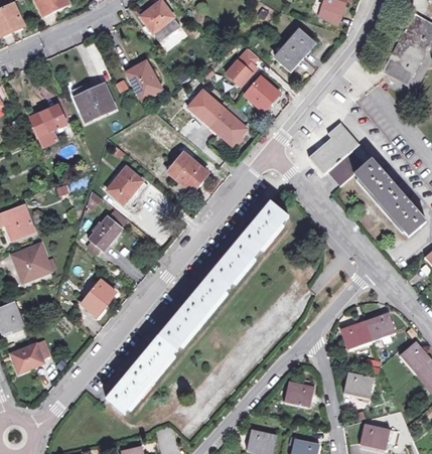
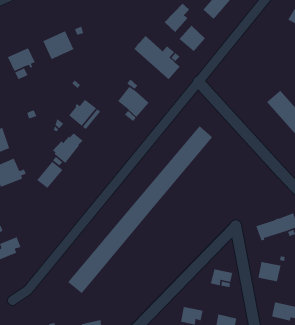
building: [126,61,161,100] -> none
building: [310,123,364,185] -> none
building: [82,280,116,315] -> [36,161,64,189]

